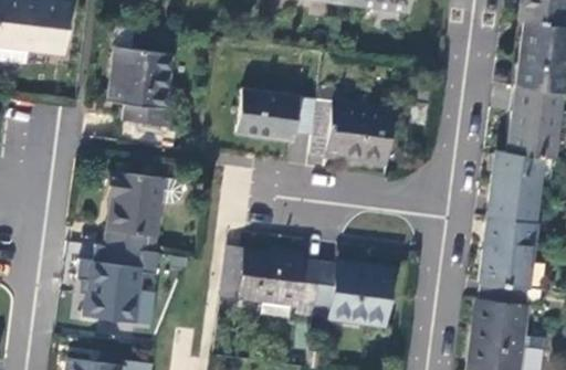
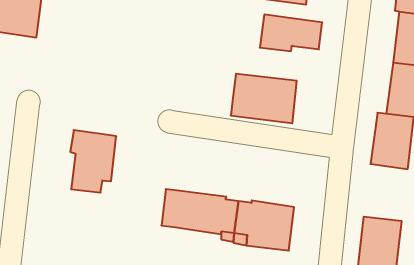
building: [112,51,171,128] -> none
building: [238,91,317,137] -> [260,15,322,51]
building: [480,215,536,288] -> none
building: [84,247,145,323] -> none

